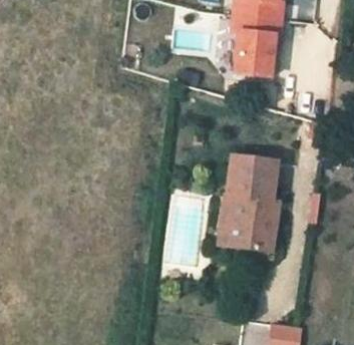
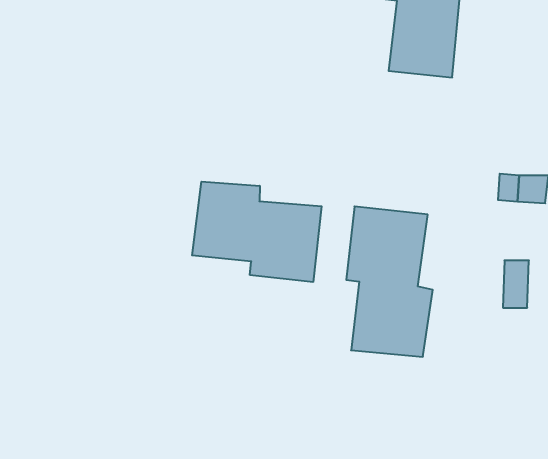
building: none -> [192,182,322,282]

